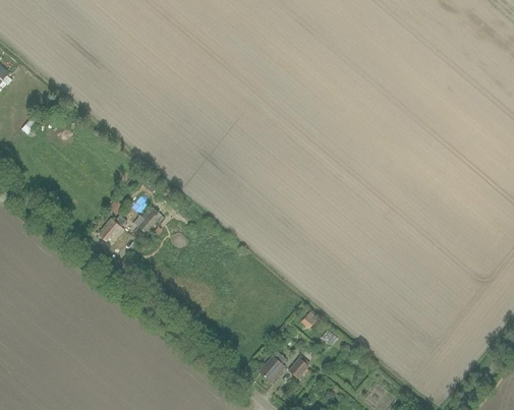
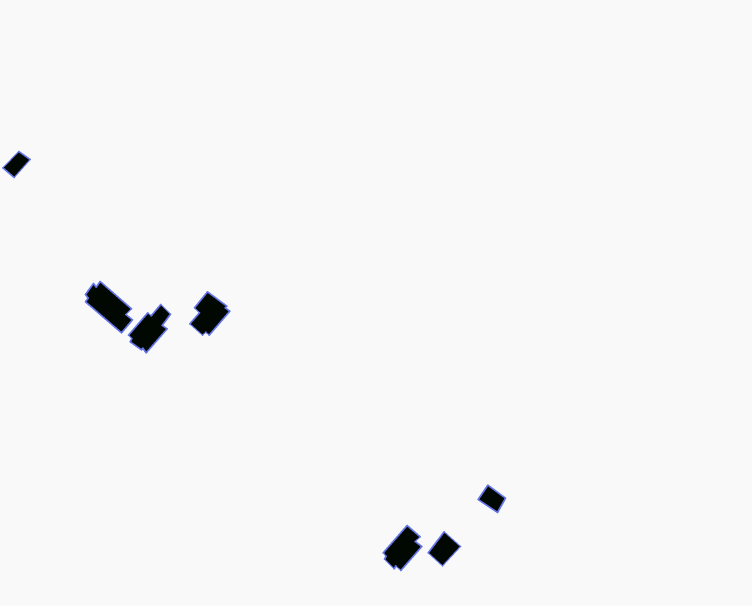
building: none -> [85,282,133,333]

